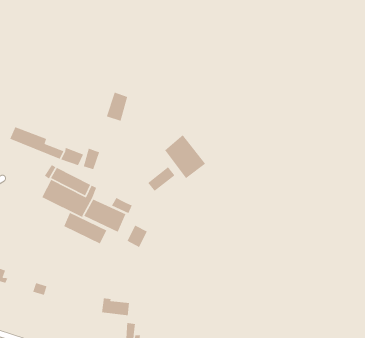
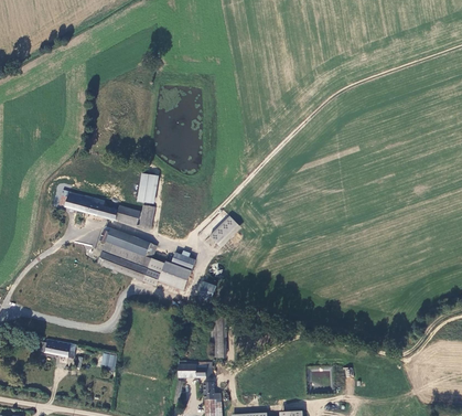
building: [106,92,128,122] -> [136,173,157,204]
building: [164,134,206,179] -> none
building: [63,212,108,245] -> none

